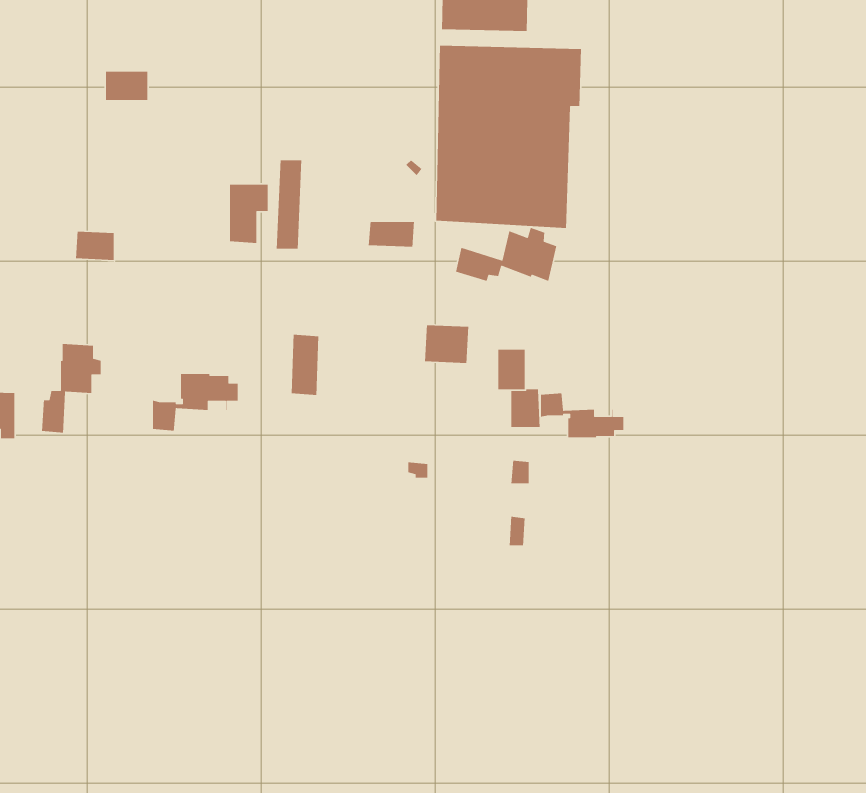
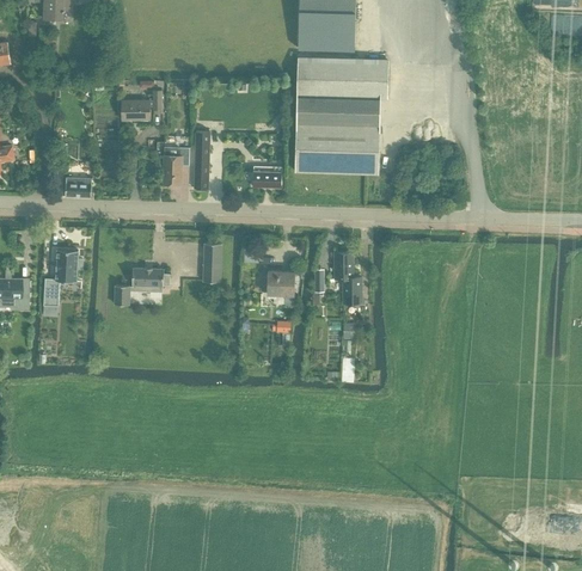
building: [105,71,148,101] -> [122,100,149,119]
building: [455,227,557,282] -> none
building: [424,324,469,364] -> [267,270,295,295]
building: [540,393,624,438] -> none

